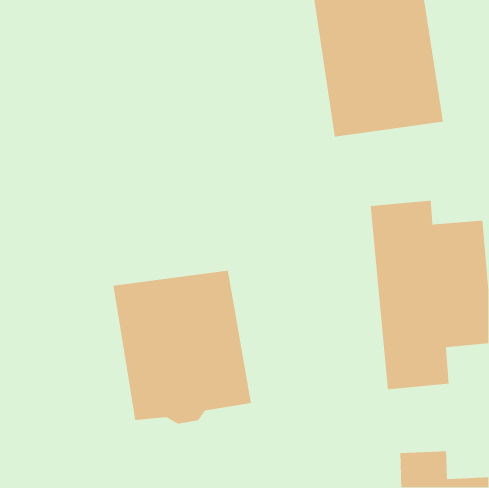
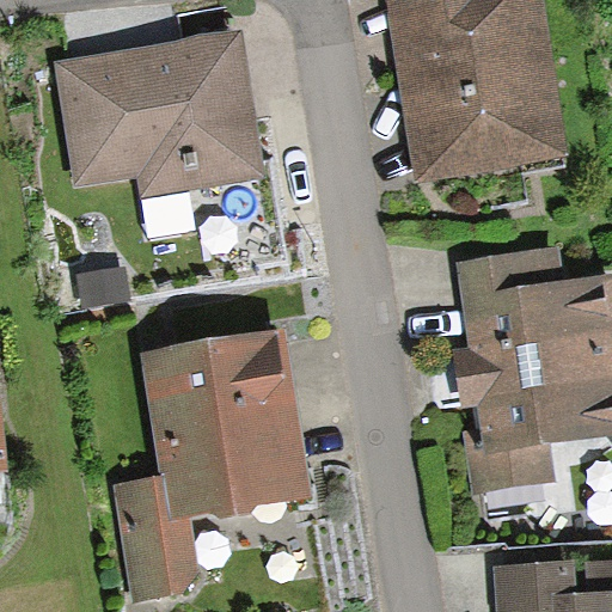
building: none -> [65,47,243,201]
building: none -> [114,479,201,602]

